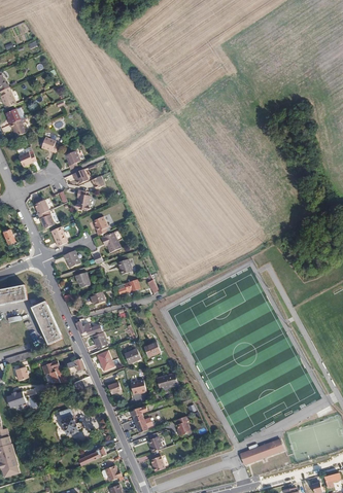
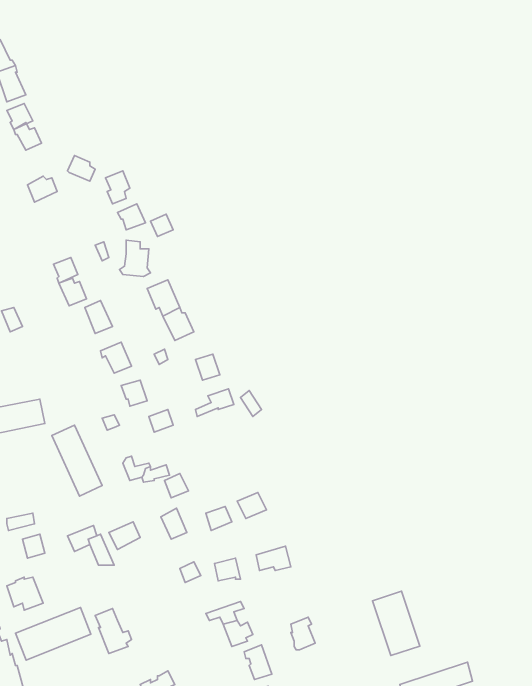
building: none -> [373,591,420,656]
building: none -> [15,607,91,660]

